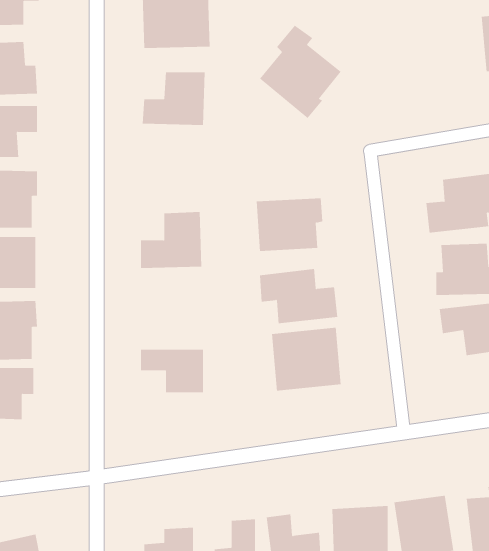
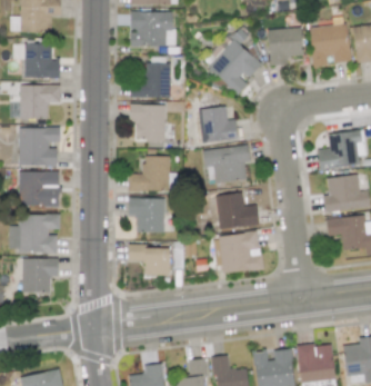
building: none -> [310,23,351,67]
building: none -> [269,28,303,66]
building: none -> [130,103,167,141]
building: none -> [199,106,239,143]
building: none -> [129,197,166,232]

